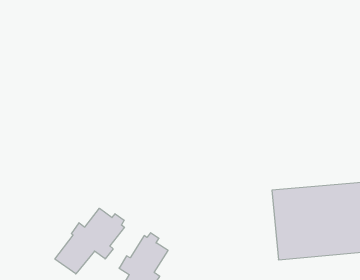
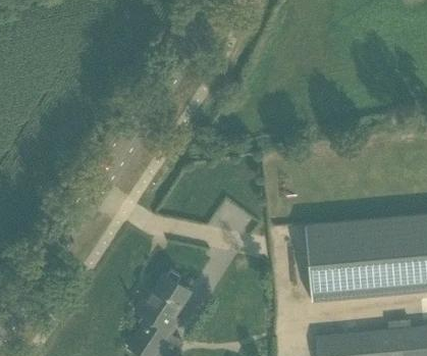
building: [55,208,124,274] -> none

